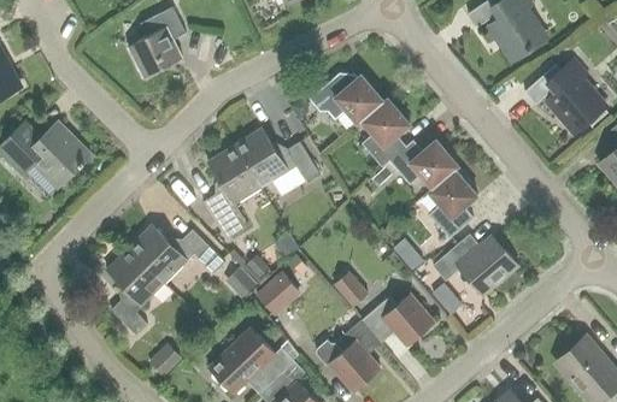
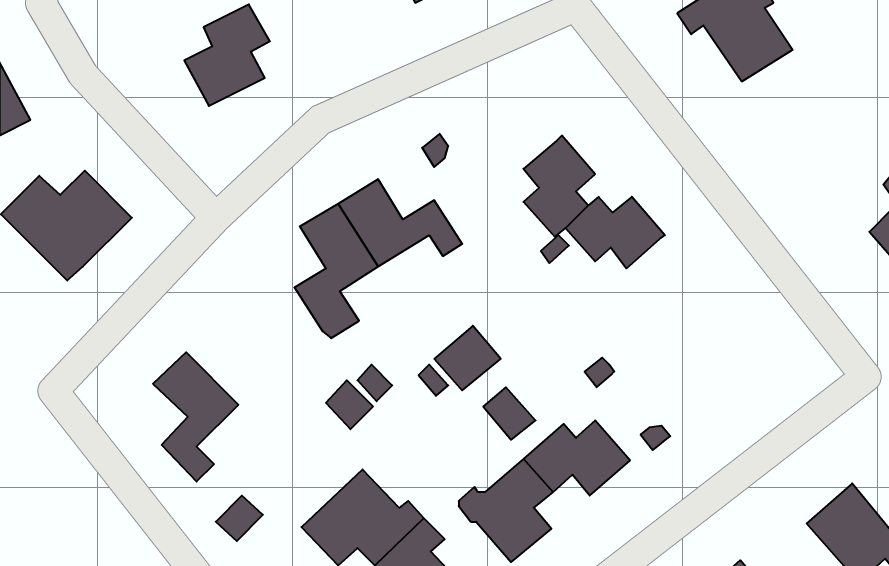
building: [525,59,606,132] -> none
building: [310,75,384,123] -> none
building: [429,169,478,238] -> none
building: [129,224,227,283] -> none
building: [434,236,517,294] -> none
building: [257,271,302,315] -> [434,326,501,390]

